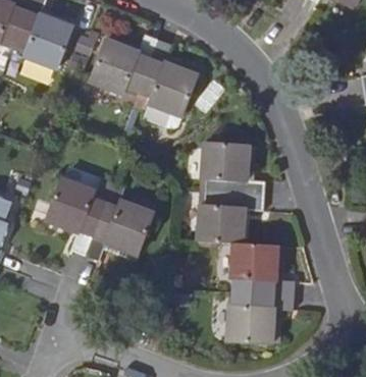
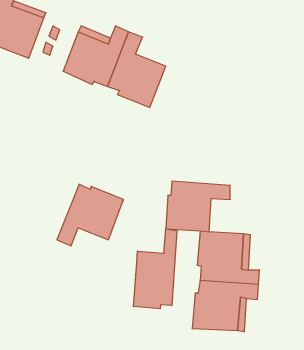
building: [200,145,262,197] -> none
building: [48,175,108,252] -> none
building: none -> [134,229,177,309]

